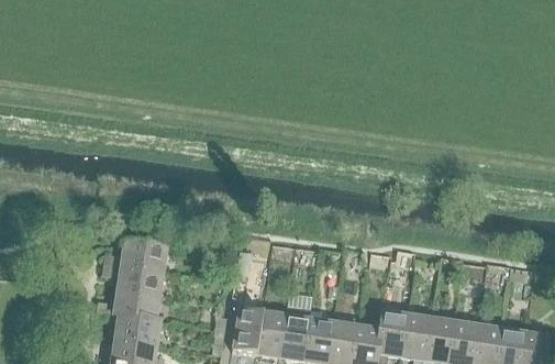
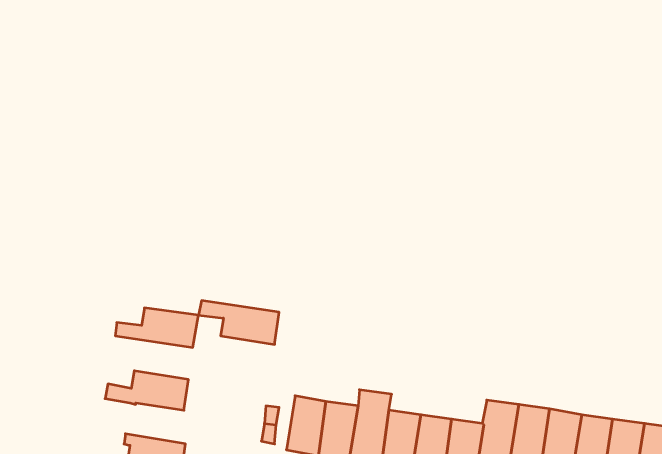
building: [102,263,163,296] -> [199,301,279,344]
building: [112,313,160,344] -> none

